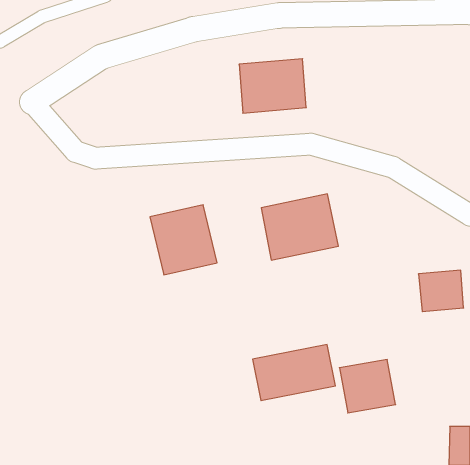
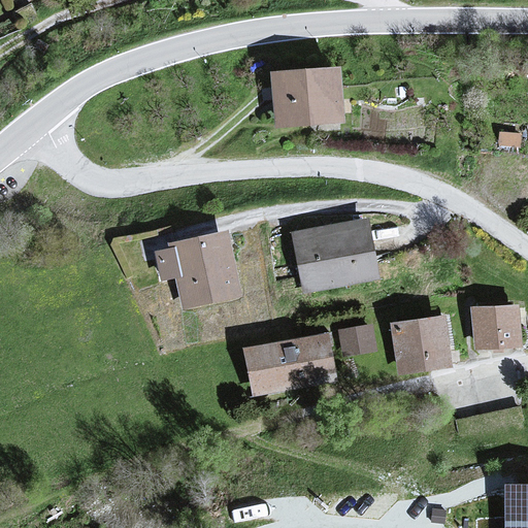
building: none -> [339,324,374,357]
building: [253,345,335,401] -> [243,332,336,395]
building: [339,360,396,413] -> [389,314,452,373]

